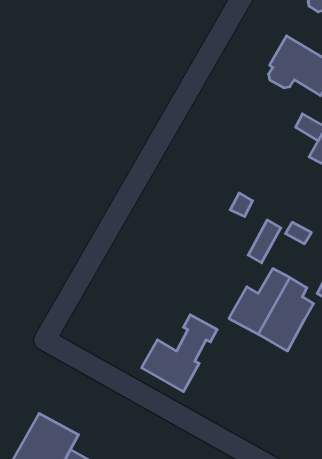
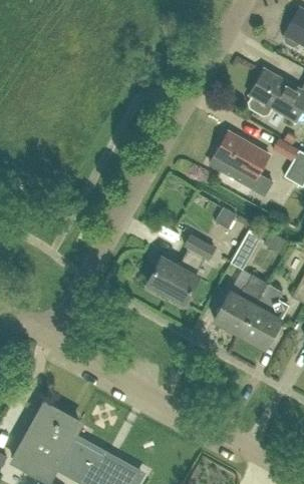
building: none -> [209,131,272,195]
building: [142,315,217,392] -> [146,234,214,303]

